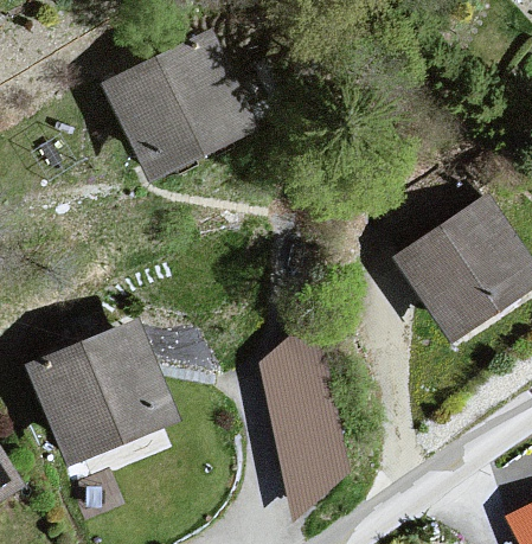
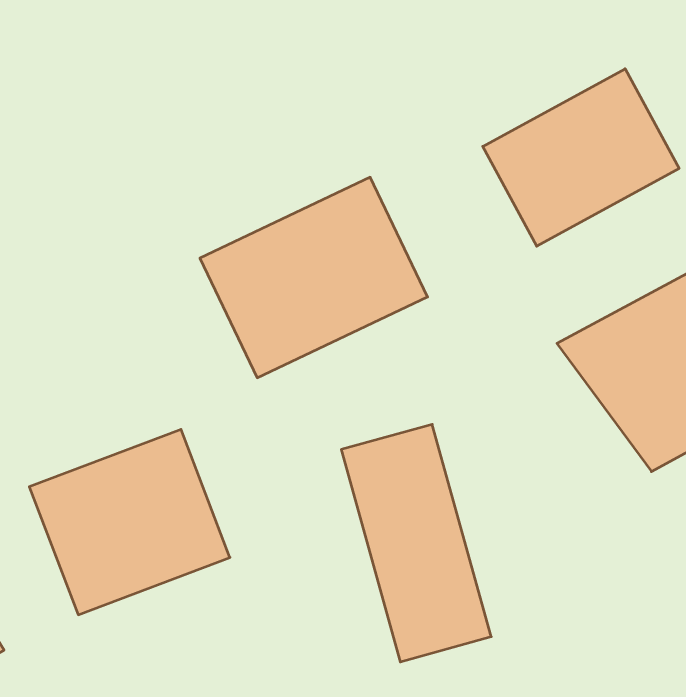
building: [105,28,265,169] -> [200,177,428,378]
building: none -> [483,69,679,246]

